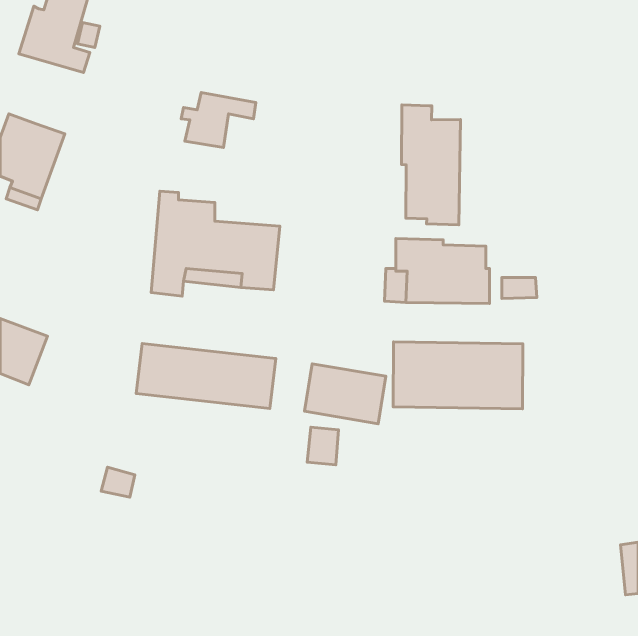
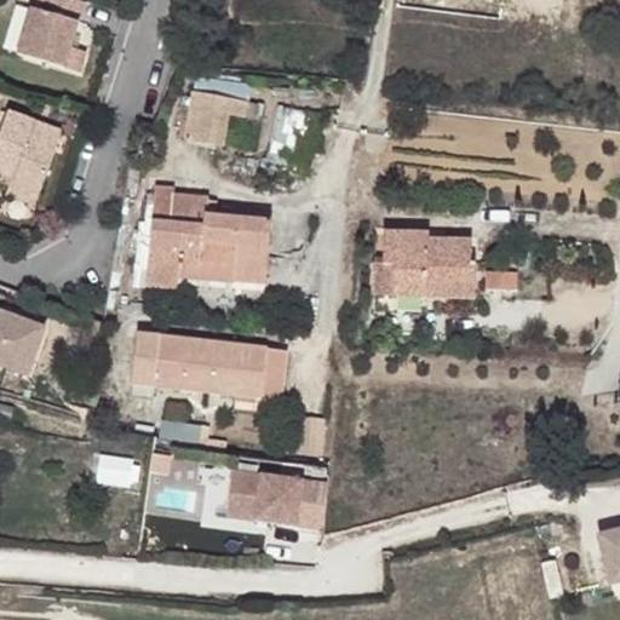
building: [402,105,460,225] -> none
building: [393,342,523,409] -> none
building: [305,364,386,424] -> [230,469,309,527]

